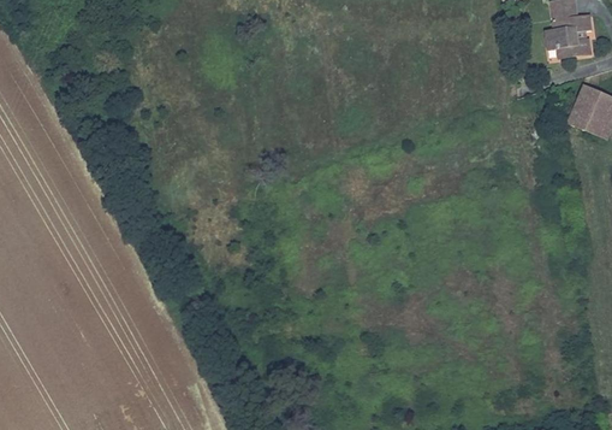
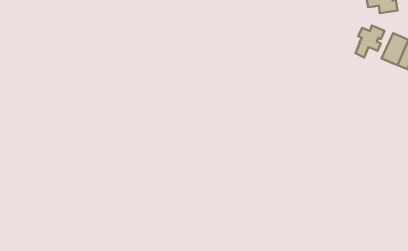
building: none -> [355,25,384,57]

